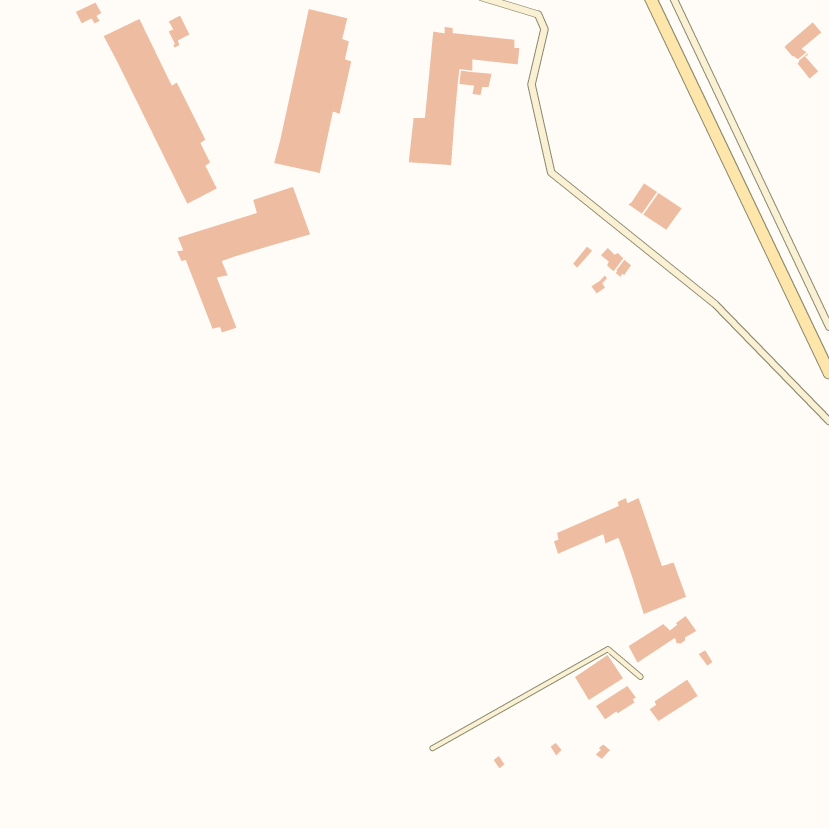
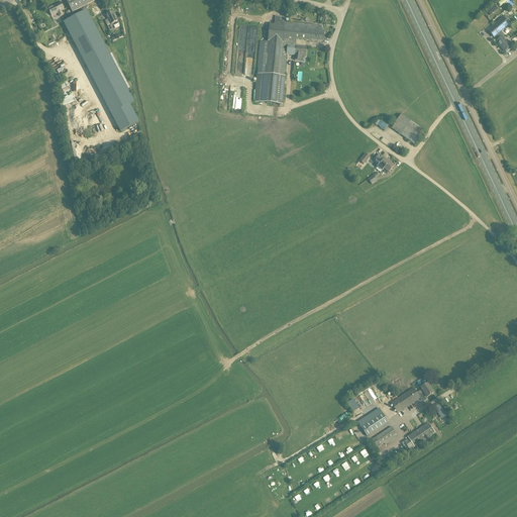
building: [273,8,352,174] -> none
building: [176,186,311,333] -> none
building: [553,497,687,615] -> none

